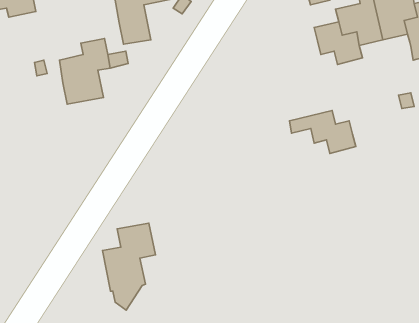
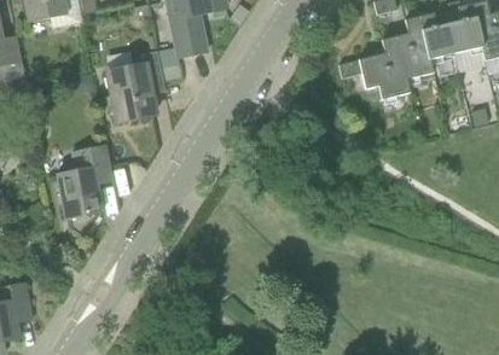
building: [289,111,356,153] -> [338,52,410,98]
building: [103,223,156,310] -> [57,145,114,238]

